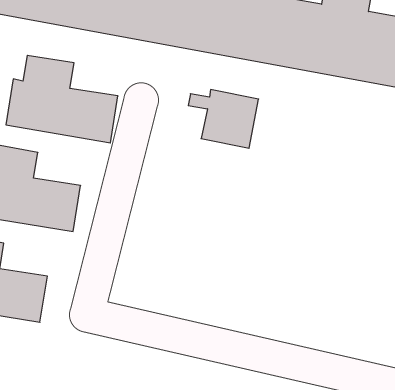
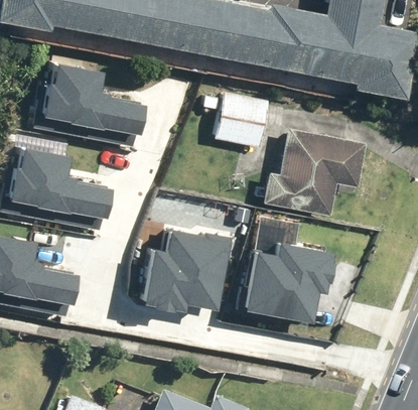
building: none -> [263,127,369,216]
building: none -> [140,226,224,304]
building: none -> [236,235,326,321]

